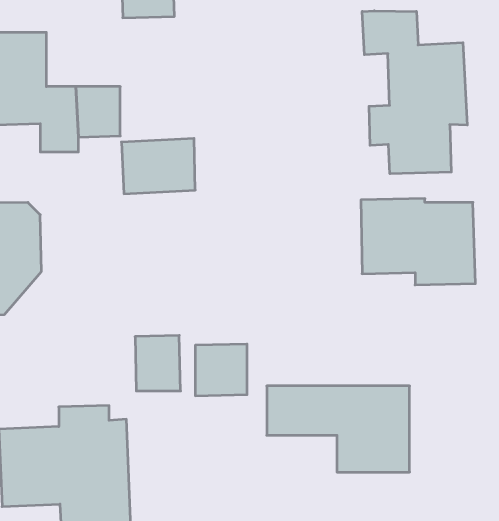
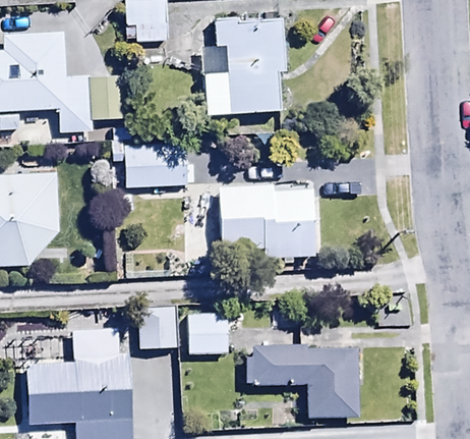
building: [362,11,467,174] -> none
building: none -> [203,17,286,115]
building: [361,199,475,285] -> [220,187,314,259]

